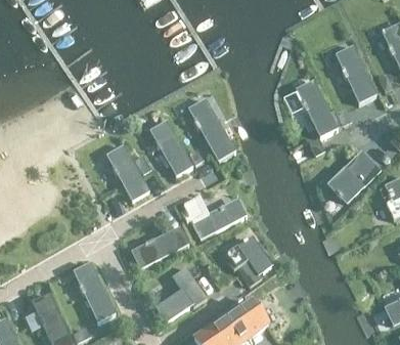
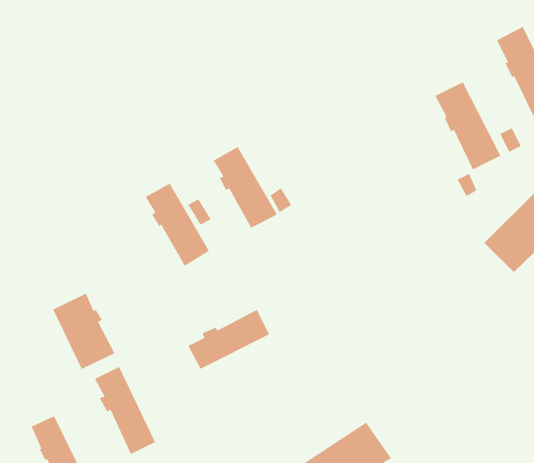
building: [189,99,236,160] -> none
building: [182,197,246,239] -> none
building: none -> [53,293,115,370]
building: [226,238,268,286] -> none
building: [159,267,208,321] -> none

